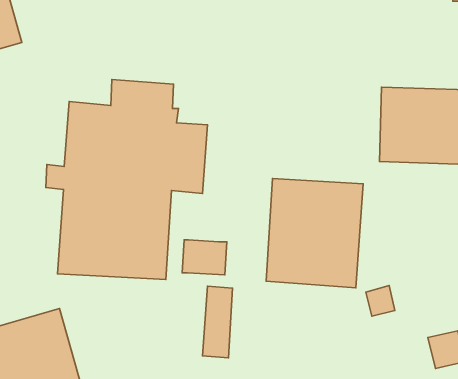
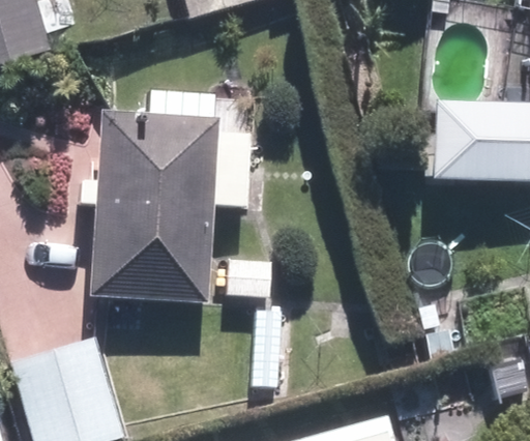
building: [266,178,363,288] -> none

